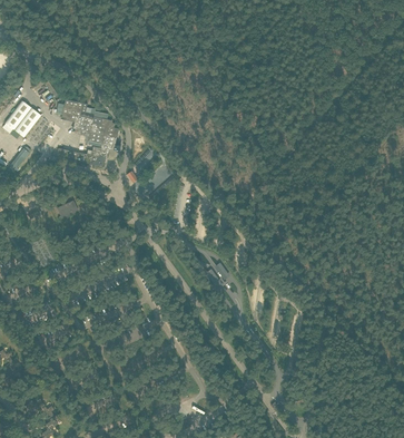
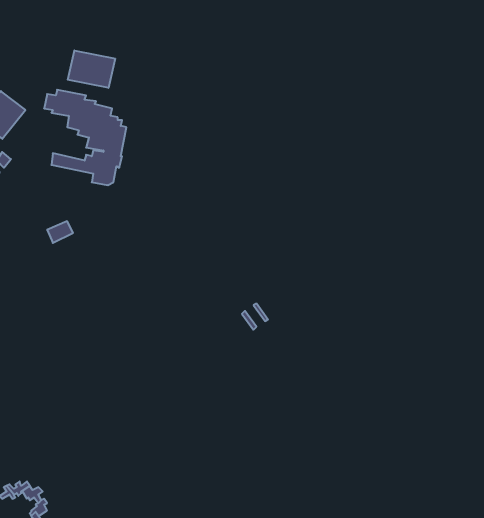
building: none -> [68,50,115,88]

